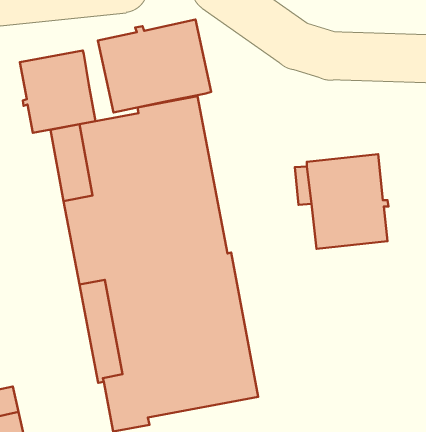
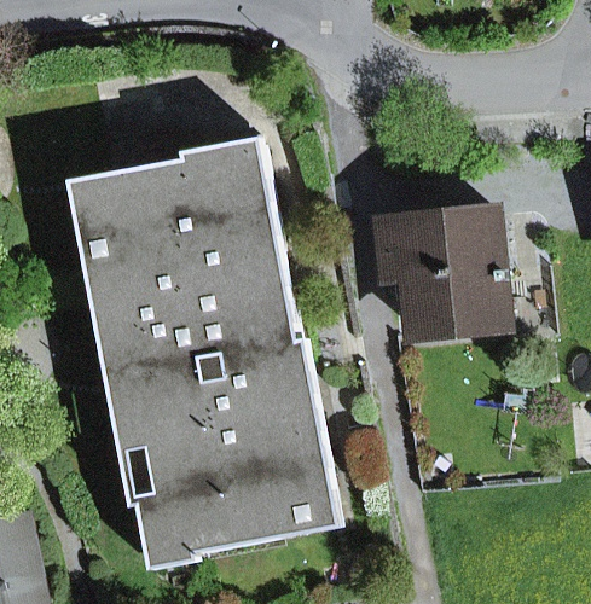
building: [98,20,211,113] -> none
building: [20,51,96,133] -> none

